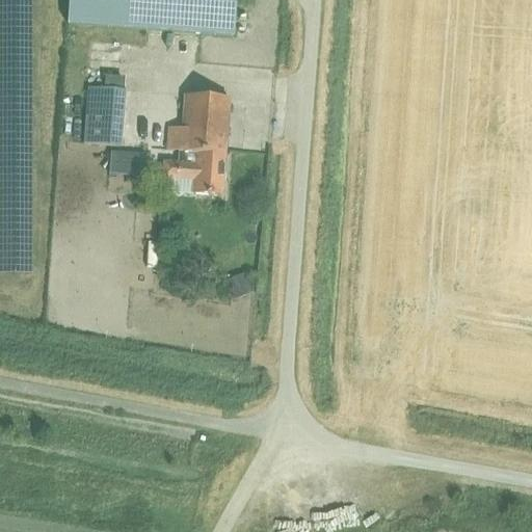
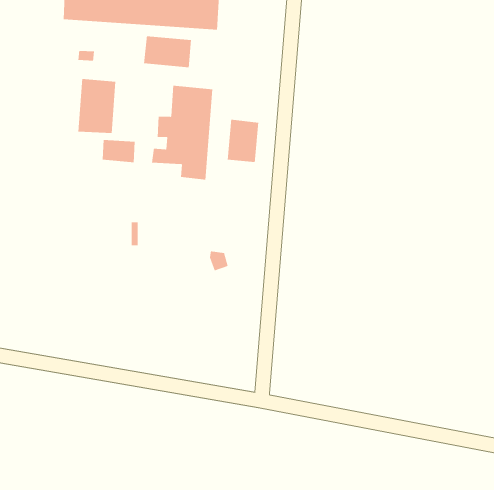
building: none -> [143,35,192,68]
building: none -> [227,119,259,163]

